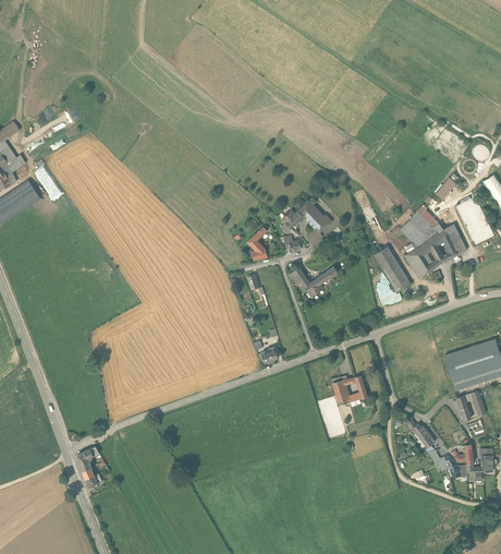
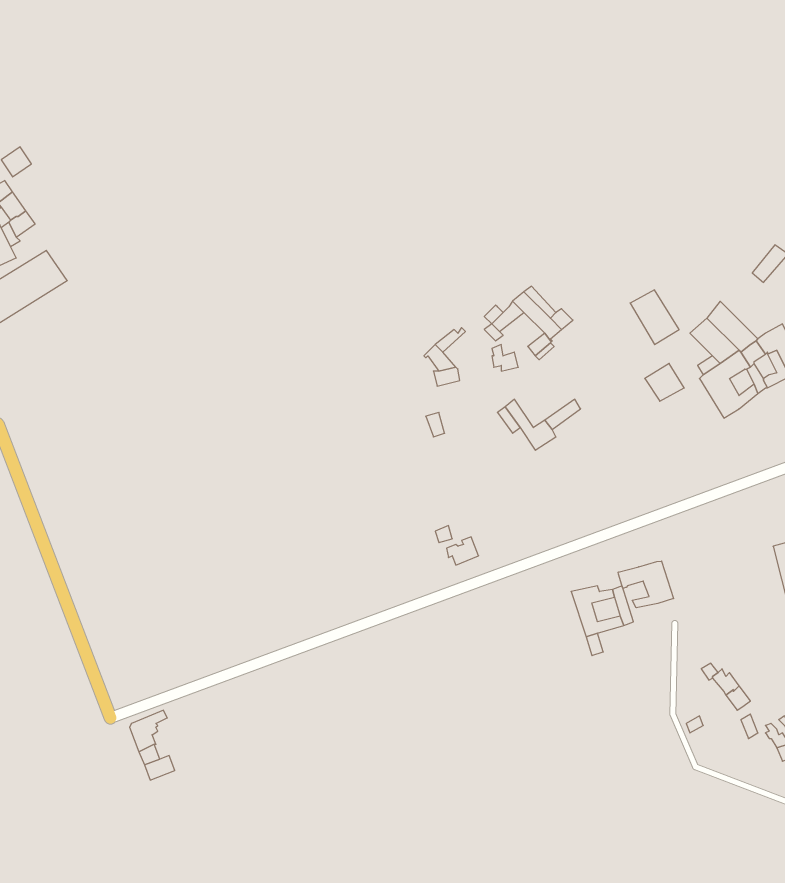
building: [382,260,411,291] -> [630,290,679,345]
building: none -> [618,561,674,608]

